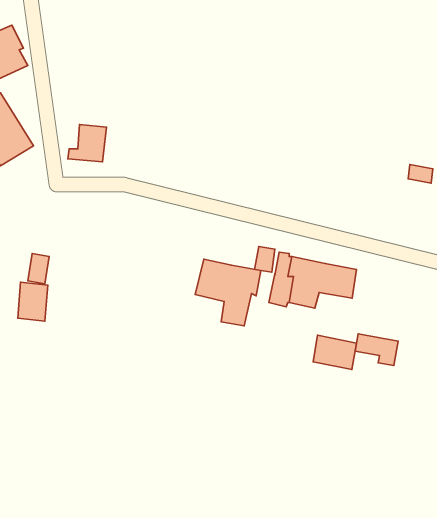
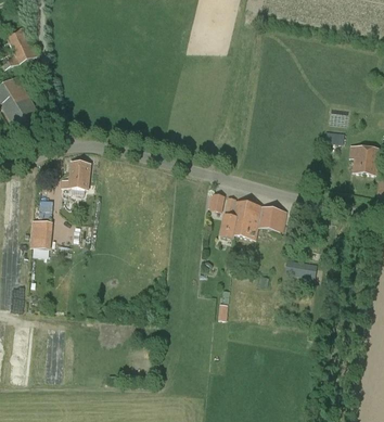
building: [68,124,107,162] -> [61,161,90,189]
building: [195,259,261,326] -> none
building: [313,335,357,370] -> none

